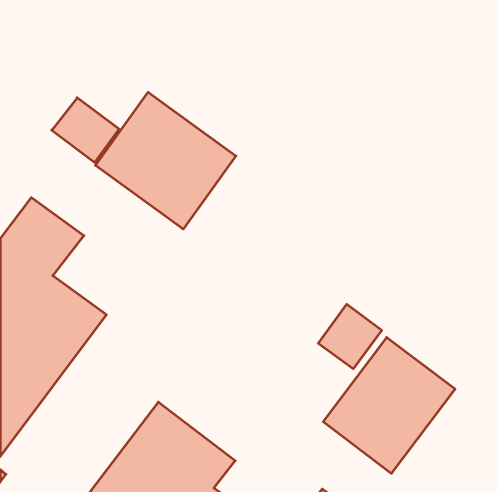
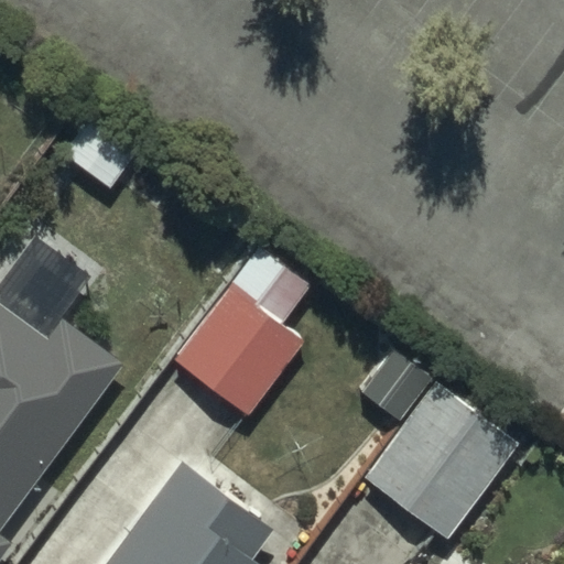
building: [95,92,236,229] -> none
building: none -> [171,245,307,416]

